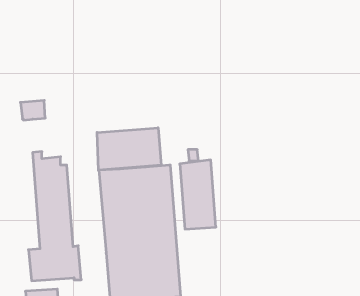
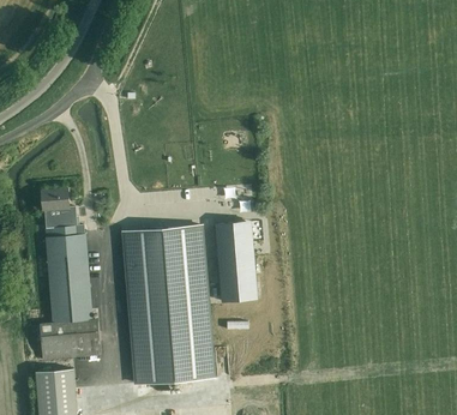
building: [20,100,45,120] -> [41,188,70,211]
building: [97,128,161,170] -> none

